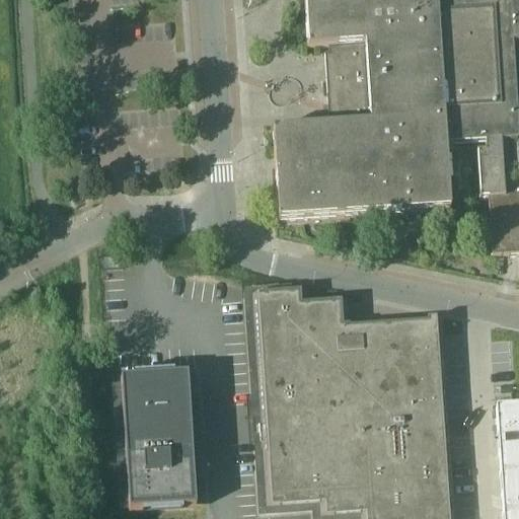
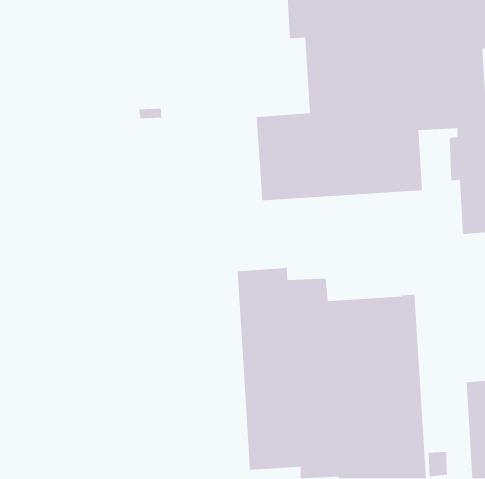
building: [114,376,199,503] -> none

